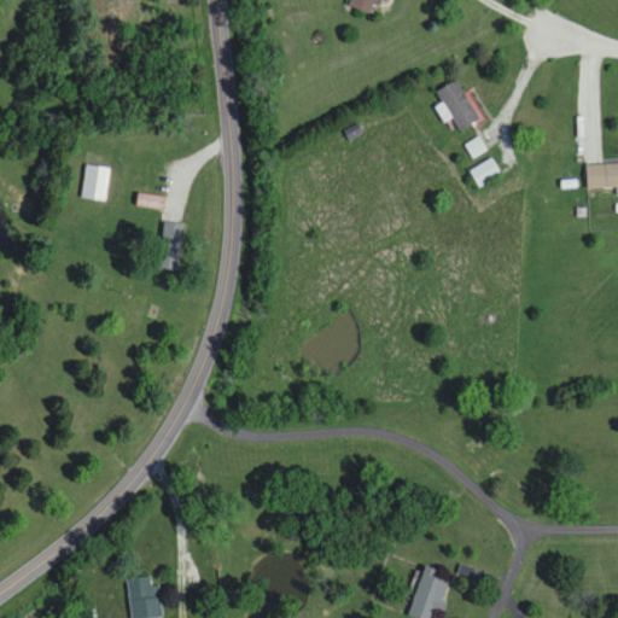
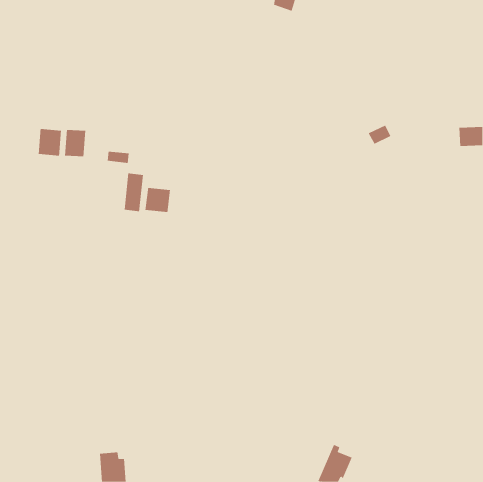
building: [432,80,478,129] -> none
building: none -> [38,128,61,156]
building: none -> [145,187,170,213]

